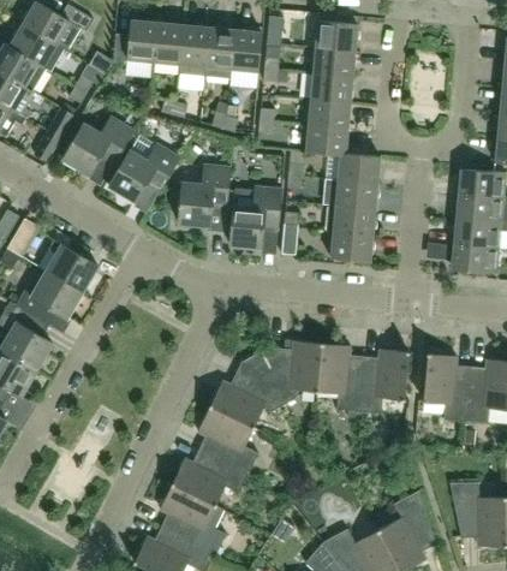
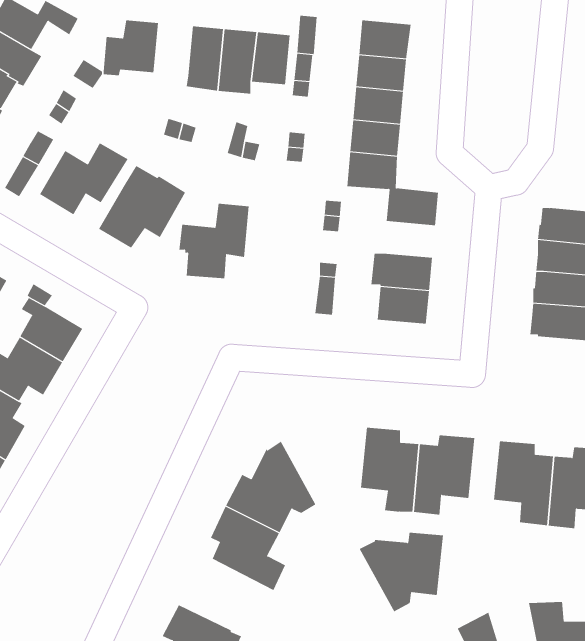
building: [154,22,184,64] -> none
building: [335,179,377,208] -> none
building: [231,186,281,248] -> none
building: [255,340,322,404] -> [359,532,444,612]
building: [173,447,249,504] -> none

